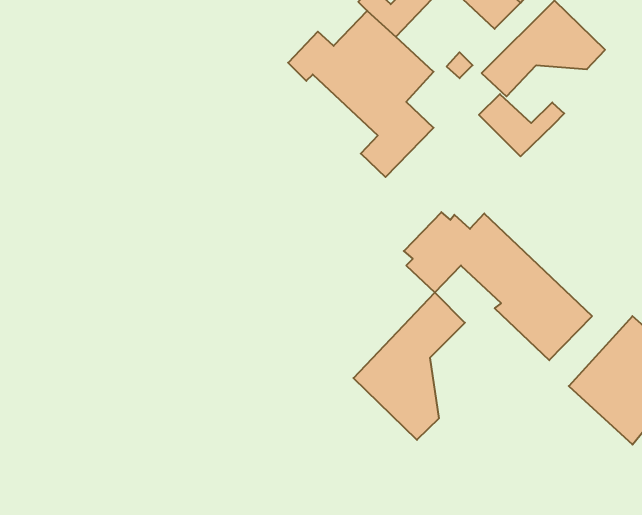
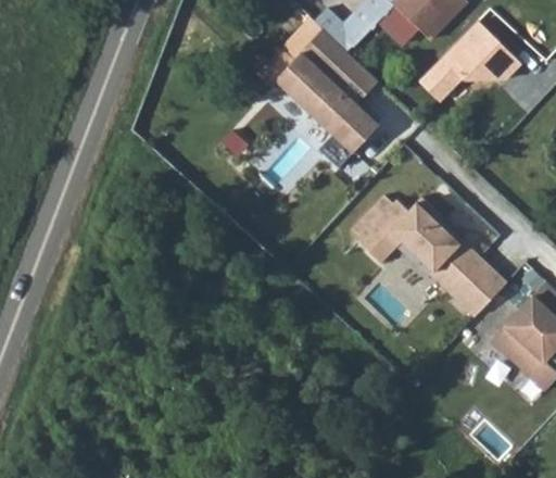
building: [479,94,564,156] -> none
building: [353,293,465,440] -> none

